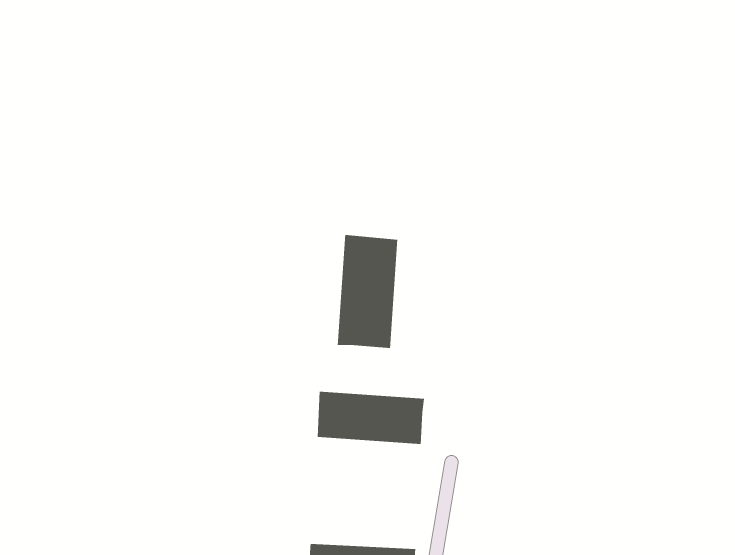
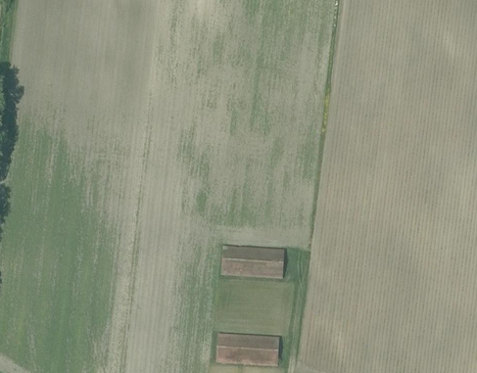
building: [337,234,398,349] -> none

